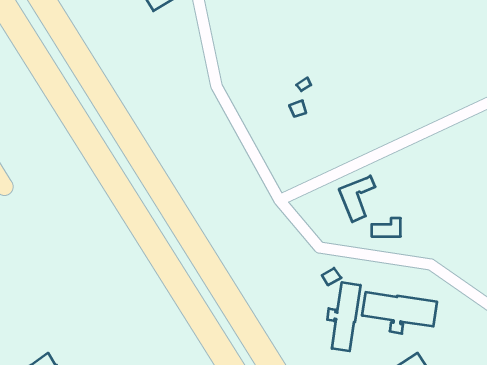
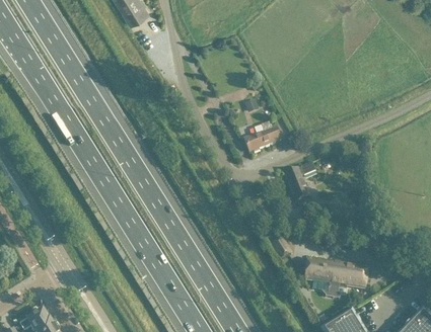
building: none -> [243,122,280,153]
building: [327,282,360,351] -> none

